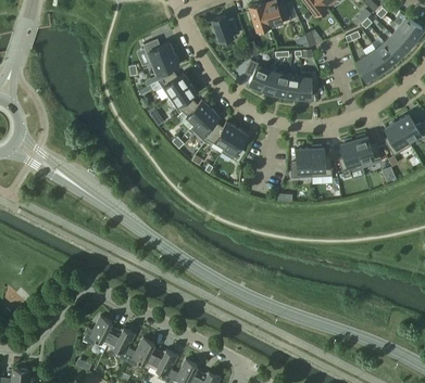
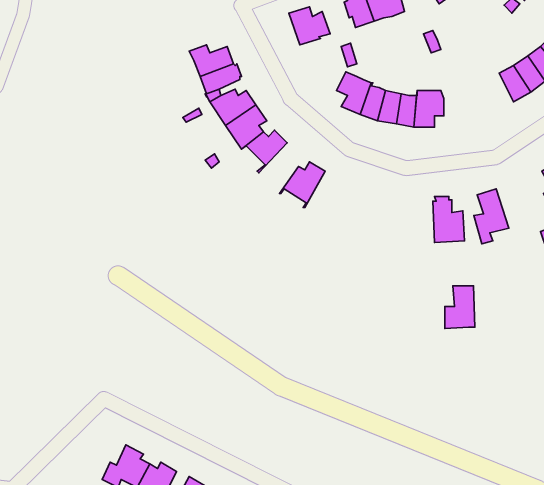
building: [191,108,220,143] -> none
building: [223,128,248,163] -> none
building: [354,135,382,167] -> none
building: [291,149,312,178] -> [445,286,475,329]

